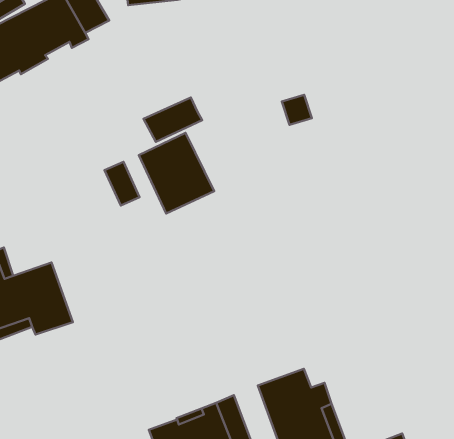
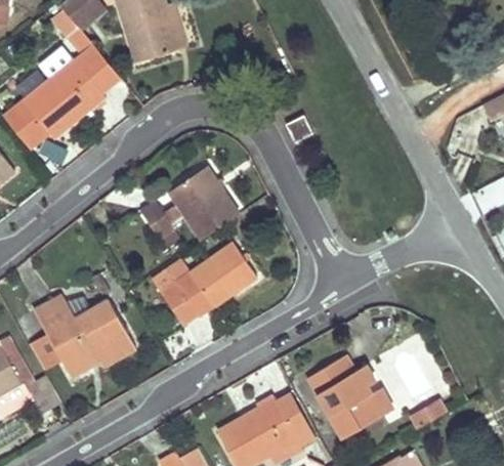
building: [143,98,202,142] -> none
building: none -> [161,242,256,323]

